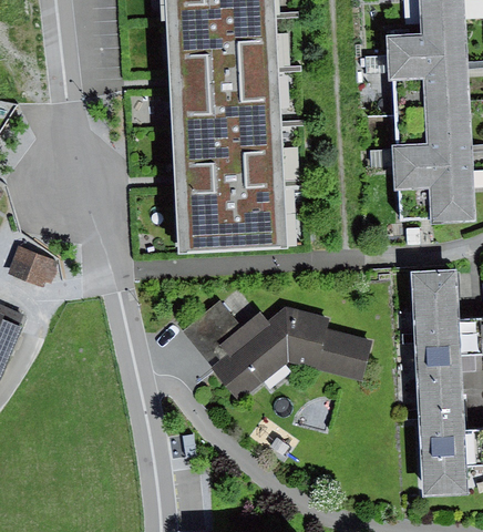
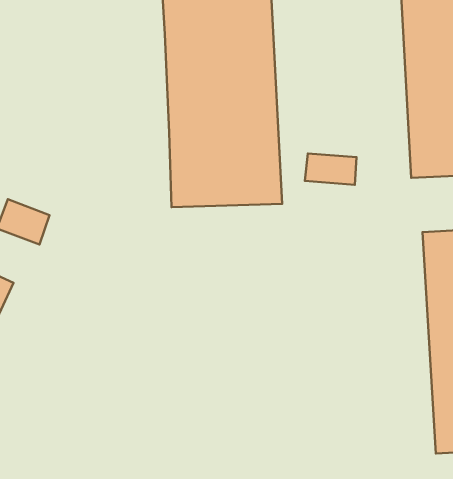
building: none -> [305,154,357,185]
building: [178,299,366,398] -> none

